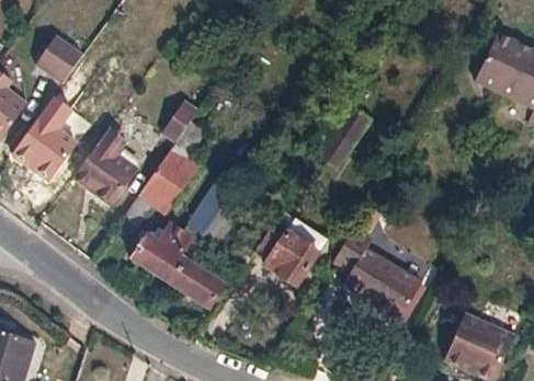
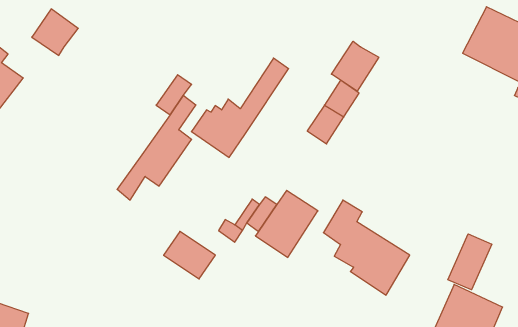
building: none -> [331,41,379,91]
building: [15,94,93,180] -> none
building: [73,128,138,203] -> none
building: [132,183,230,284] -> [191,58,289,157]
building: none -> [448,234,492,290]

